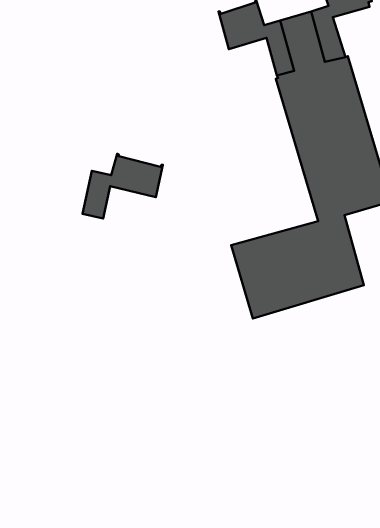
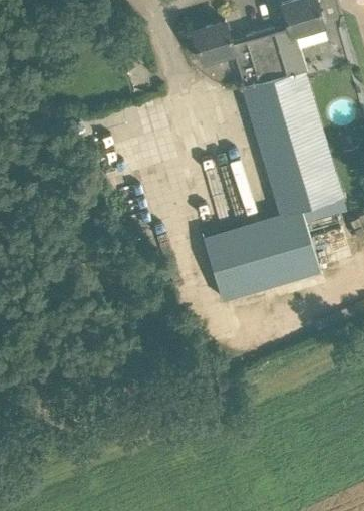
building: [82,154,163,218] -> none

